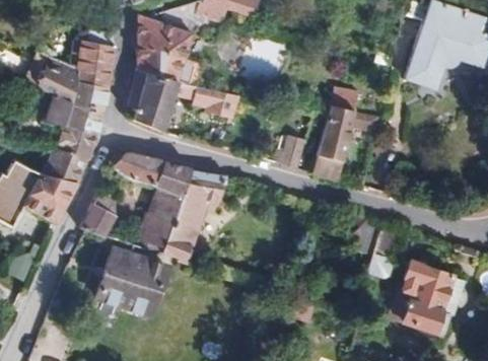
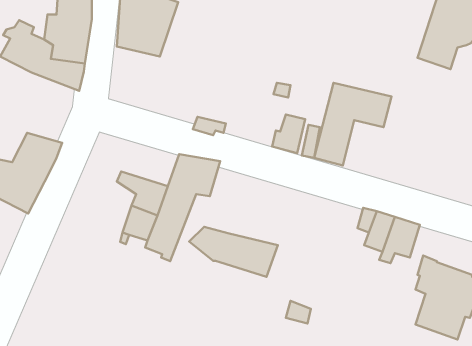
building: [128,72,235,130] -> none
building: [50,95,101,159] -> none
building: [112,152,191,197] -> [189,227,278,277]
building: [81,194,112,238] -> none
building: [96,249,164,313] -> none

